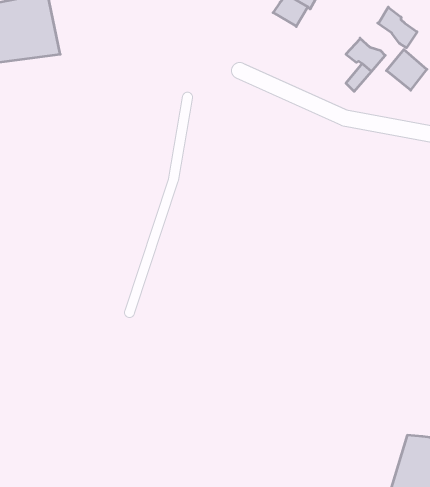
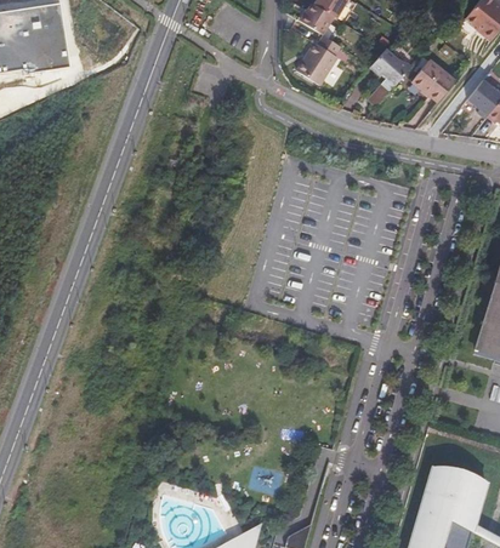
building: [378,7,417,48] -> none
building: none -> [292,35,337,85]

